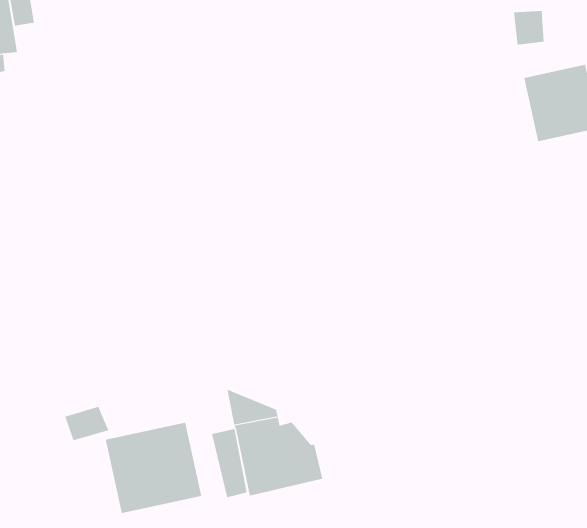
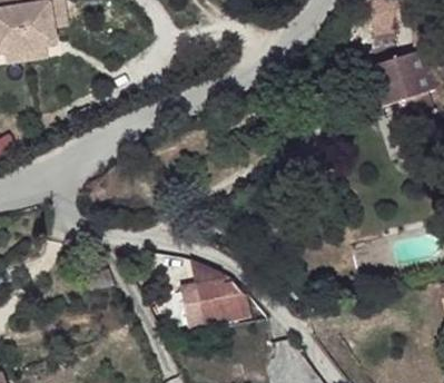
building: [105,422,202,514] -> none

